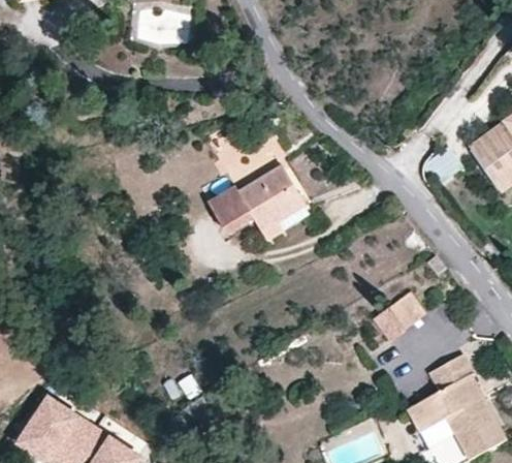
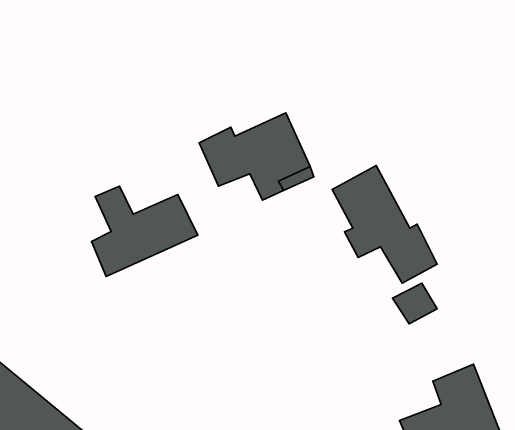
building: none -> [332,166,437,283]
building: none -> [92,186,198,277]

